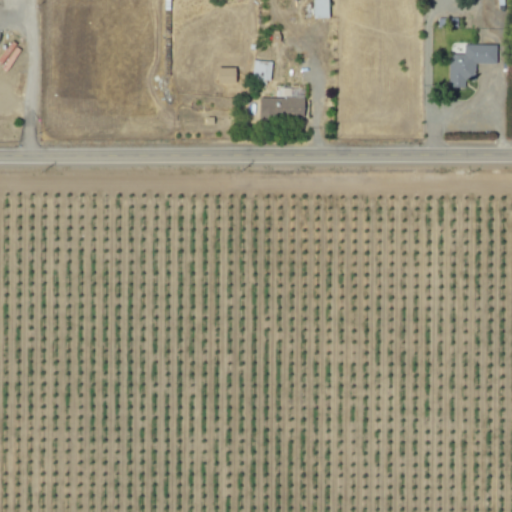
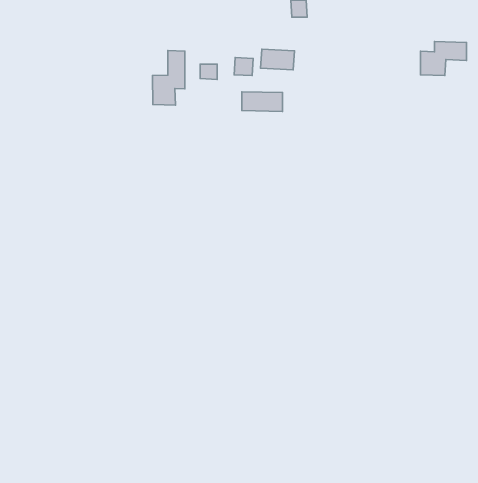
building: none -> [261,49,295,70]
building: none -> [153,51,185,105]

